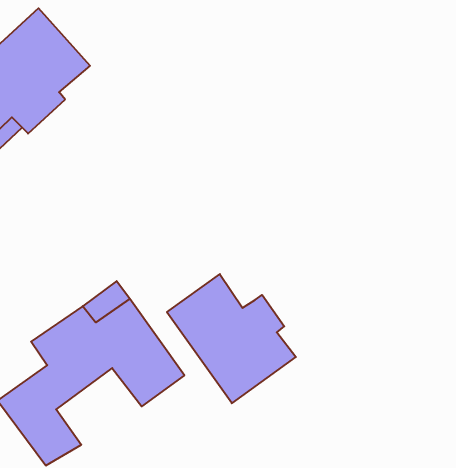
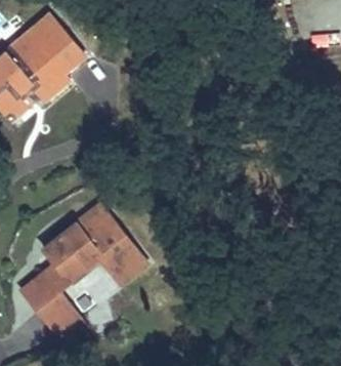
building: [167,274,296,403] -> none

